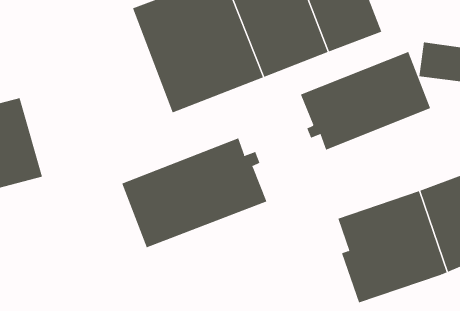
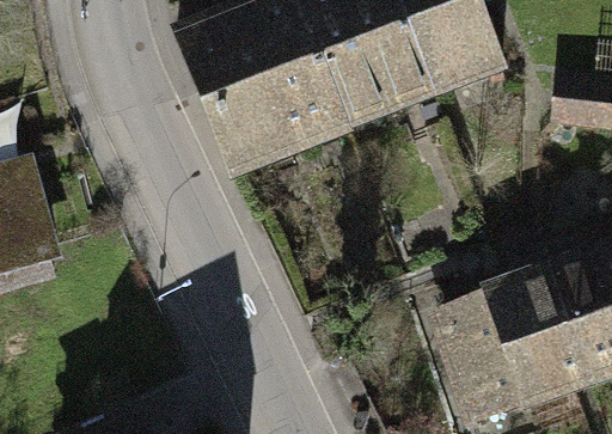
building: [300,51,431,150] -> none
building: [122,138,267,248] -> none

